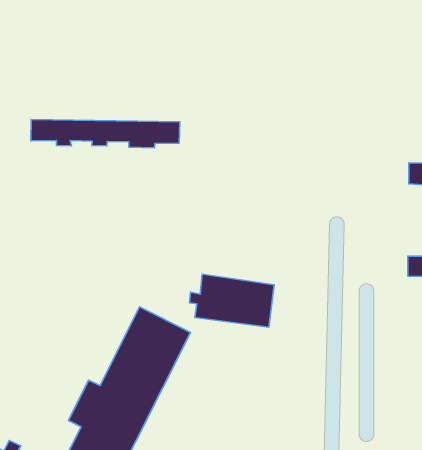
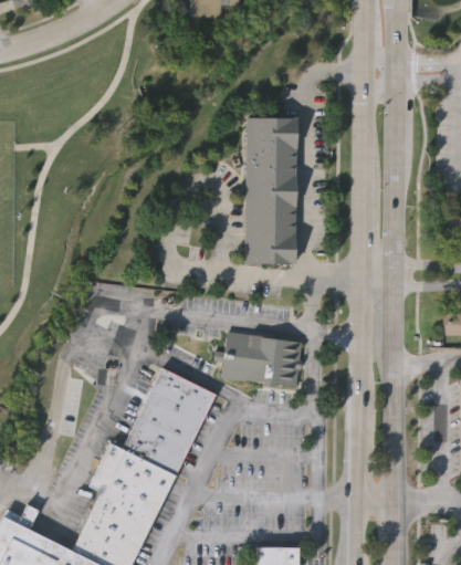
building: none -> [244,118,297,266]
building: [31,120,180,148] -> none

